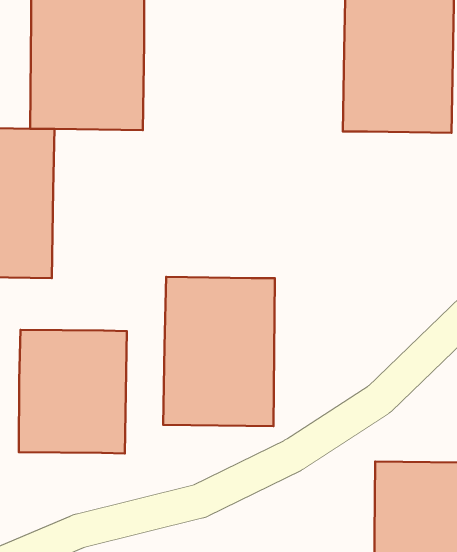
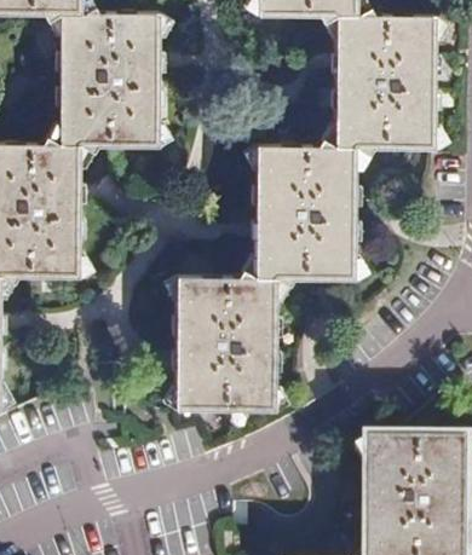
building: none -> [255,144,358,277]
building: [19,330,127,453] -> none

